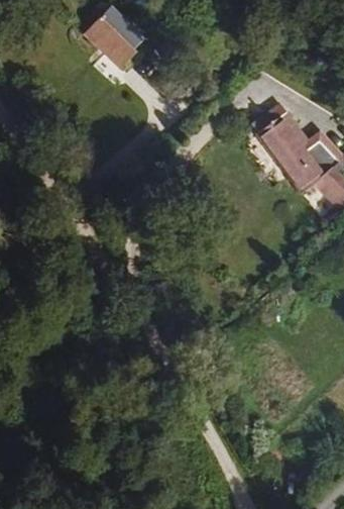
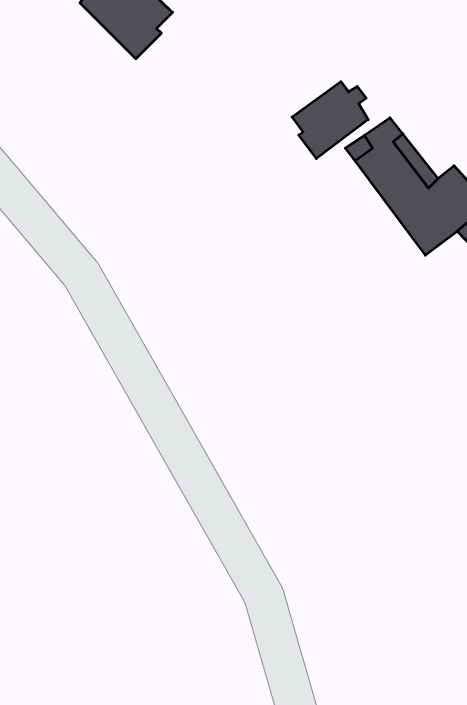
building: none -> [292,82,368,159]

